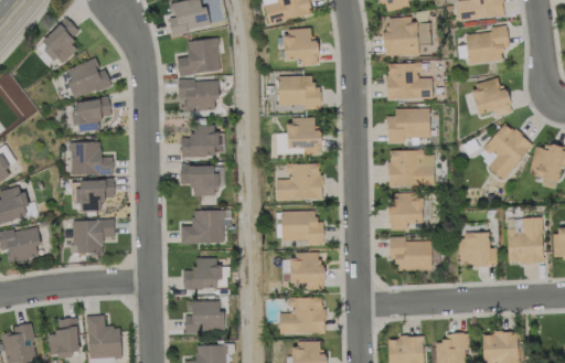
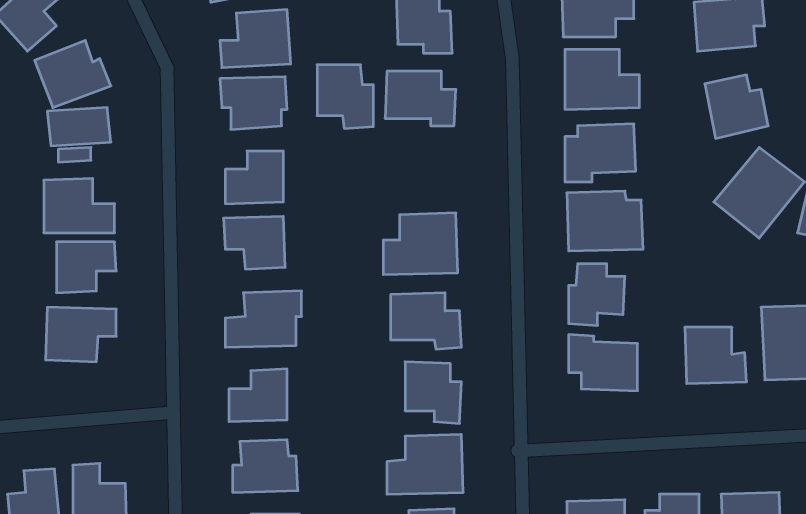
building: [288,117,322,156] -> [317,65,373,128]

